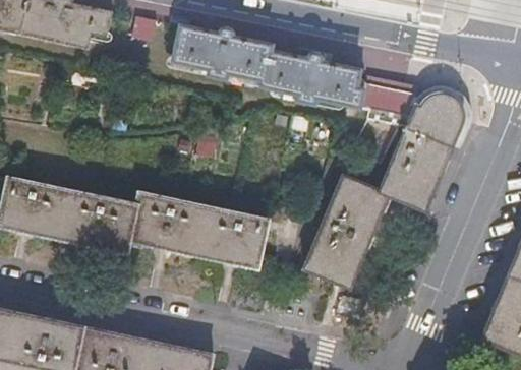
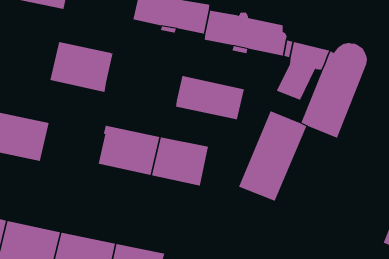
building: none -> [175,75,245,120]
building: [59,190,138,253] -> [49,41,113,92]

